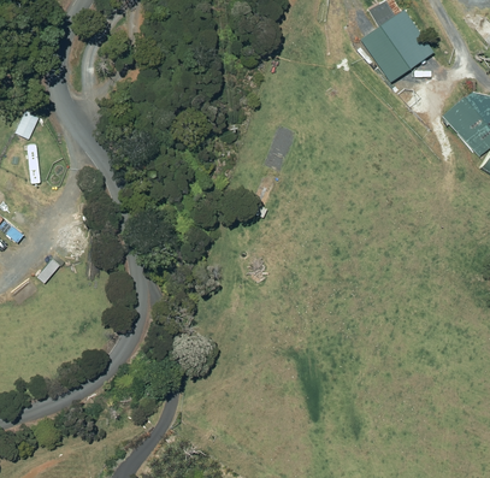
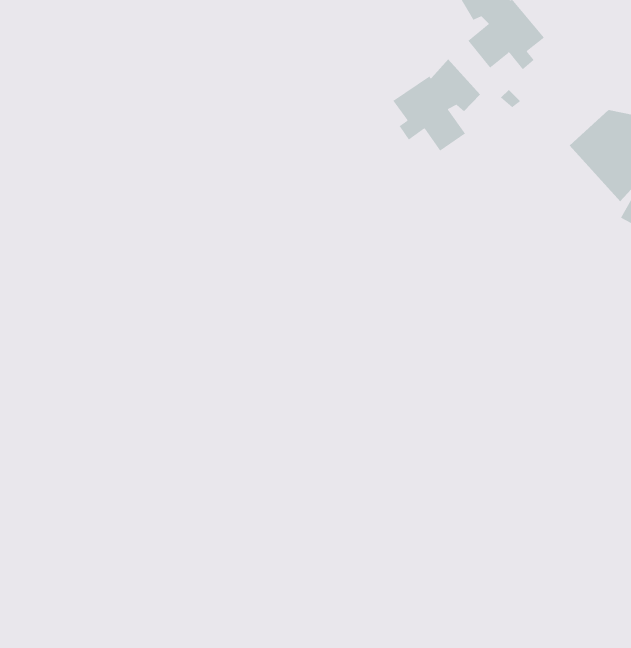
building: none -> [392,58,481,151]

